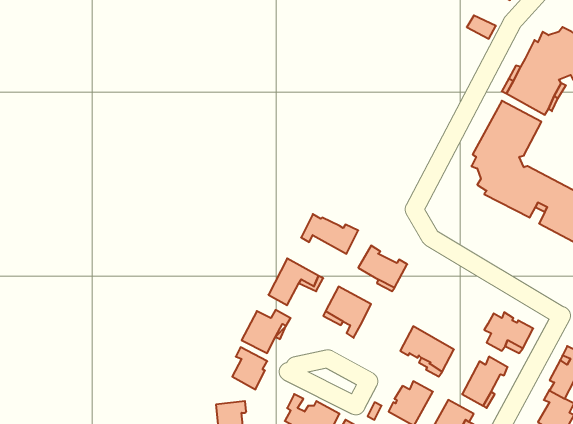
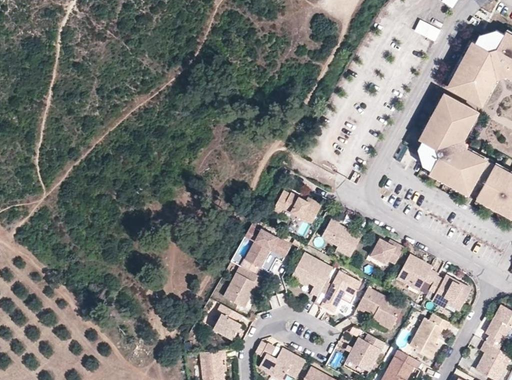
building: none -> [370,239,403,264]
building: none -> [397,254,438,291]
building: none -> [314,272,361,312]

